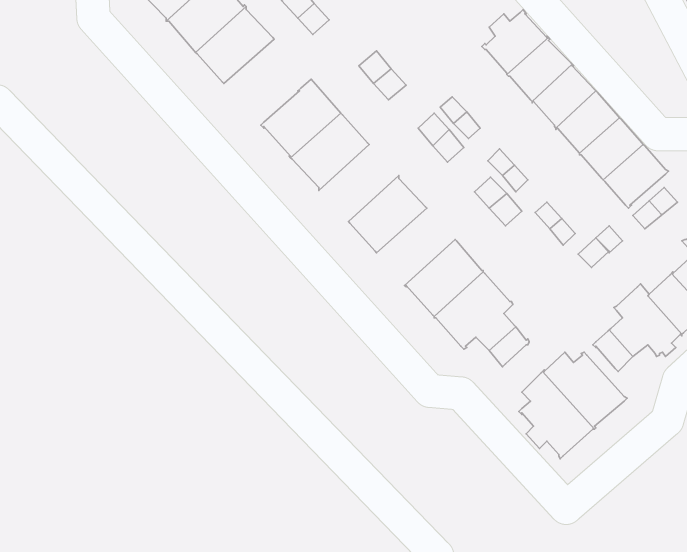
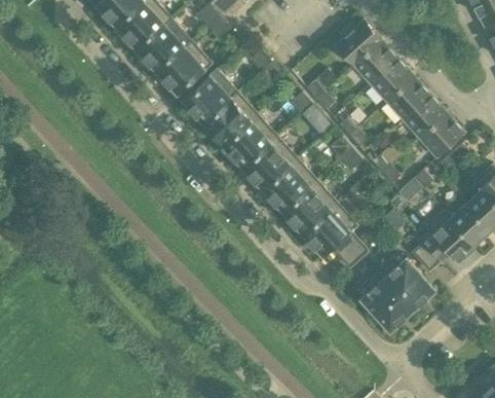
building: none -> [156,41,212,95]
building: none -> [222,114,277,168]
building: none -> [262,158,316,212]

